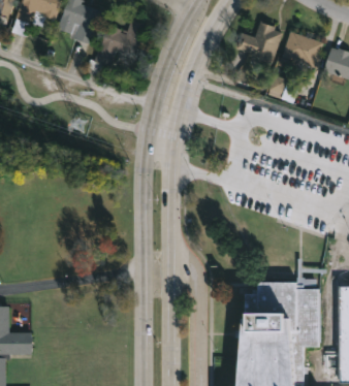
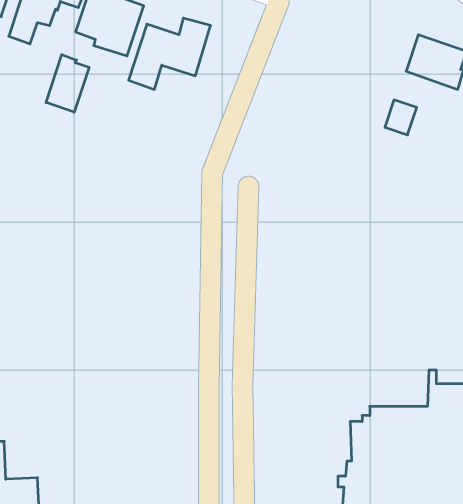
building: [236,22,283,64] -> none
building: none -> [46,55,89,112]

